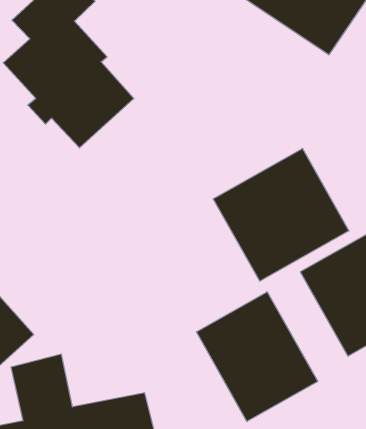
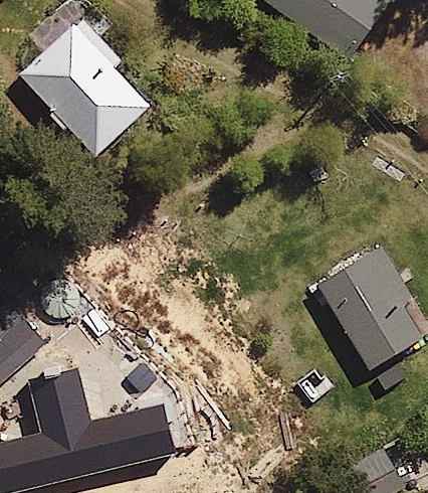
building: [213,148,349,281] -> none
building: [196,292,318,422] -> none

